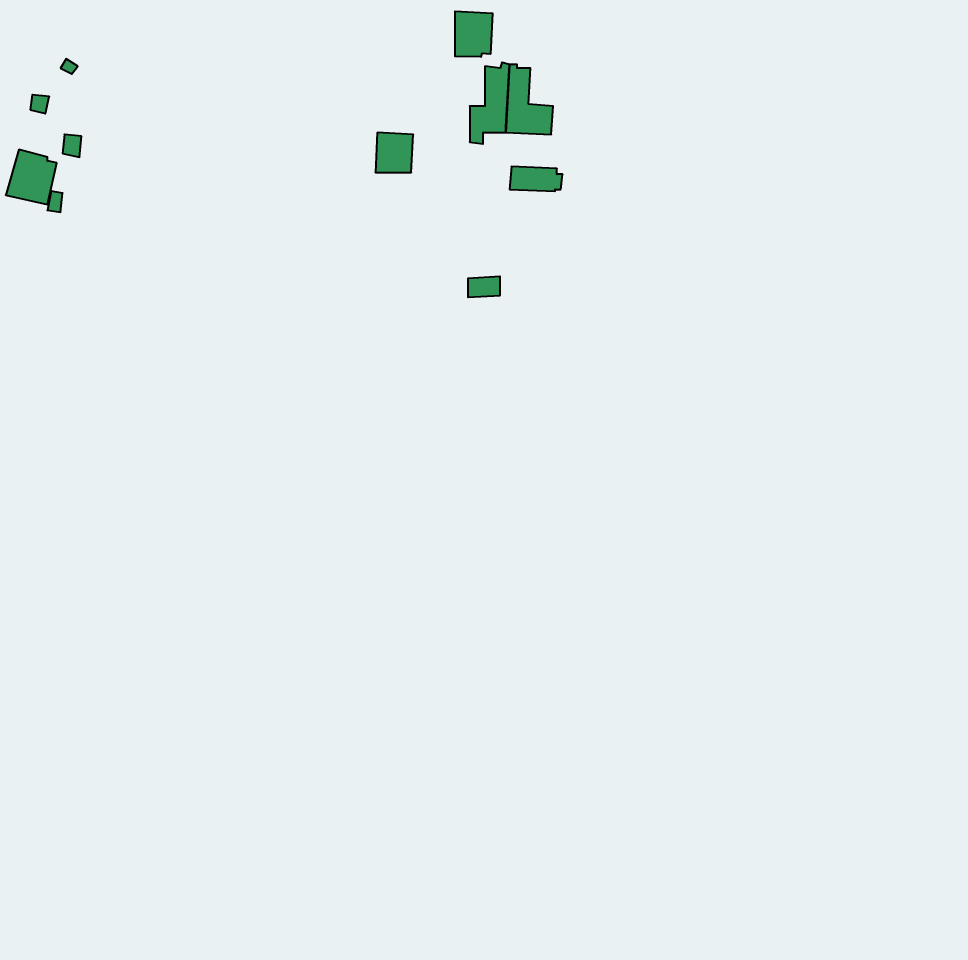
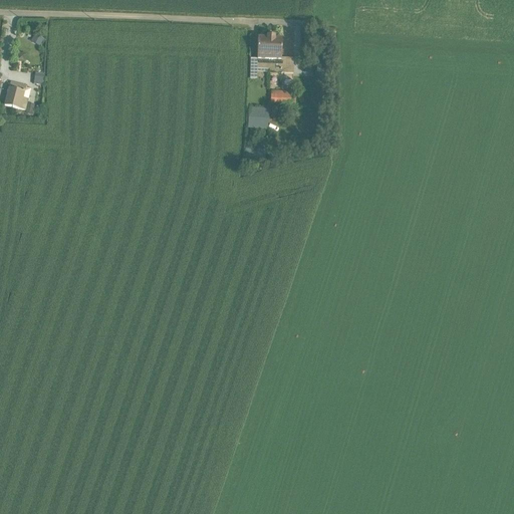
building: [455,11,493,57] -> none
building: [375,133,413,172] -> [247,105,267,126]

